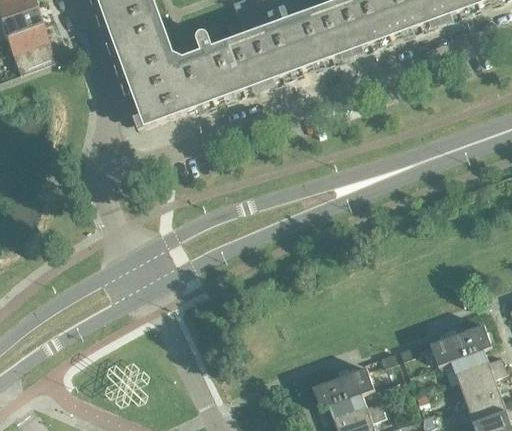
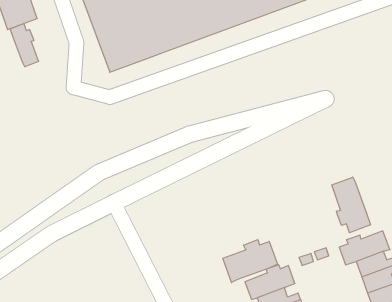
building: none -> [10,23,38,67]
building: none -> [332,177,371,233]
building: none -> [223,240,278,283]

